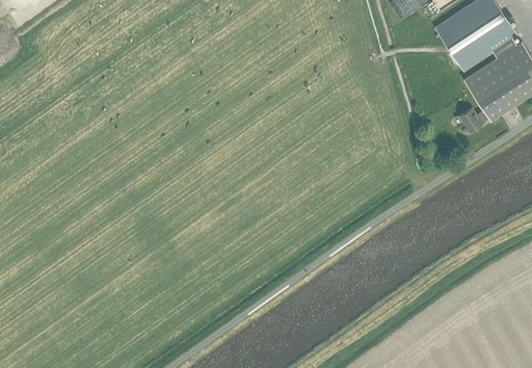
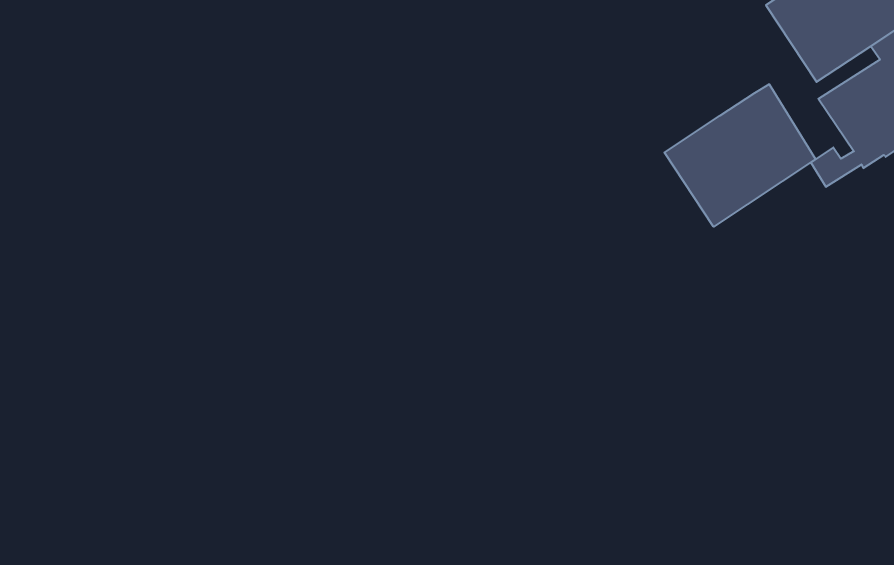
building: none -> [664,84,816,227]

